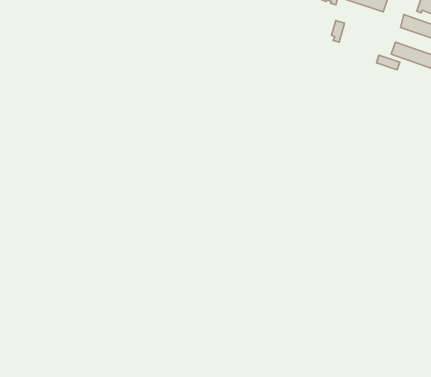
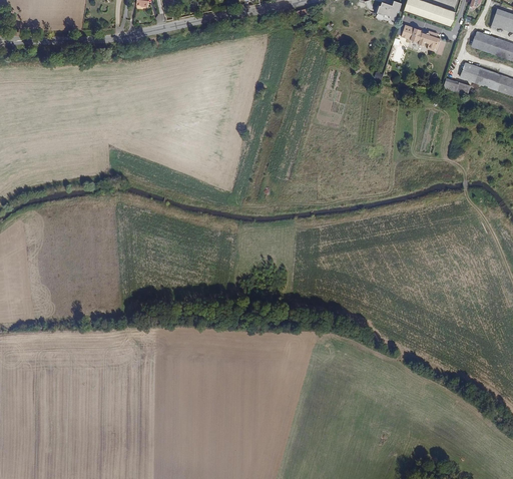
building: none -> [403,24,440,51]

